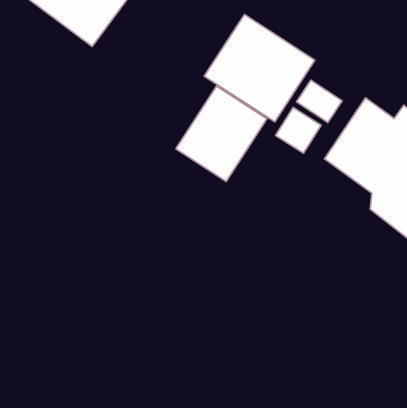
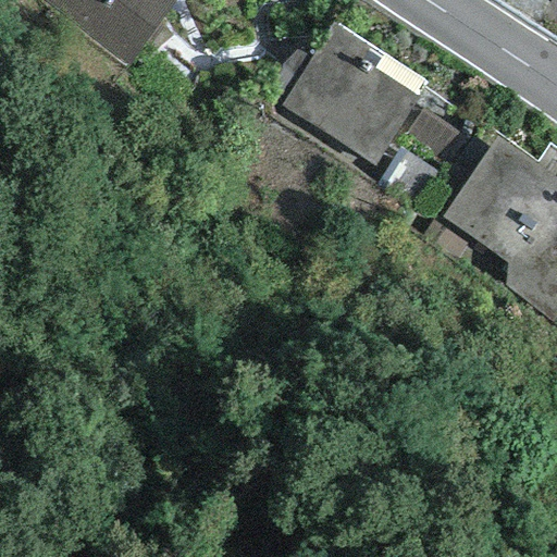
building: [176,86,267,181] -> none

